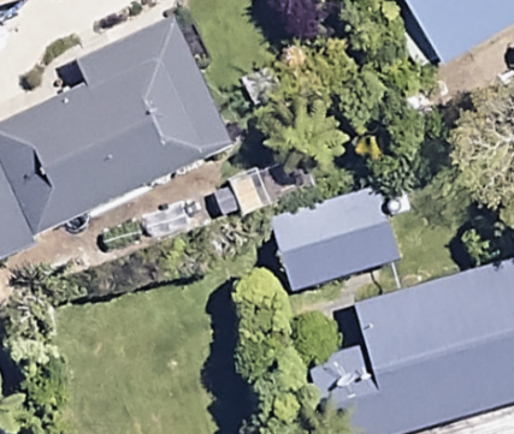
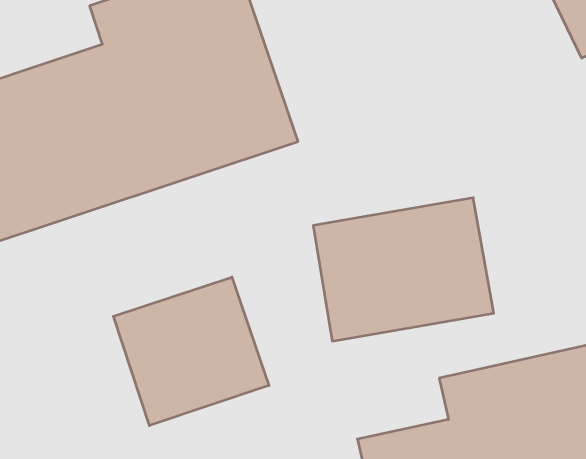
building: none -> [113,277,269,426]

